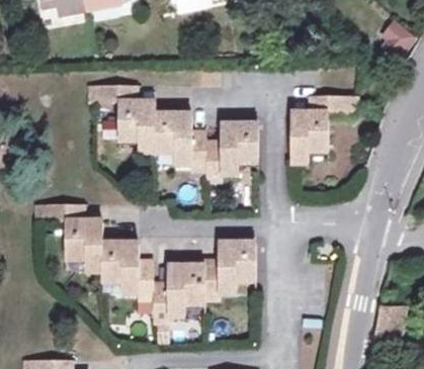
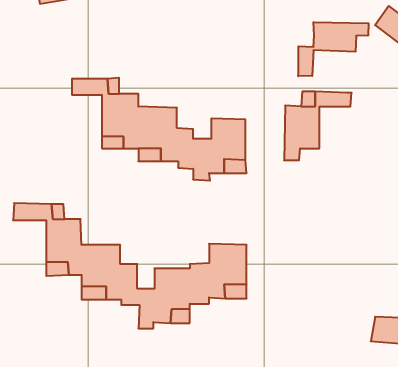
building: none -> [298,22,369,76]

